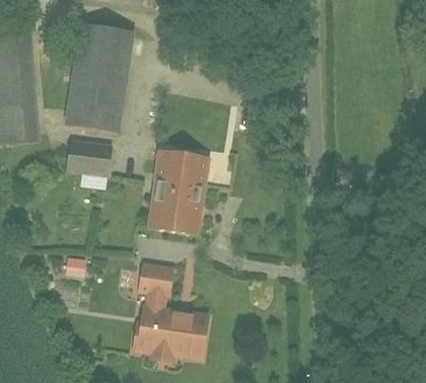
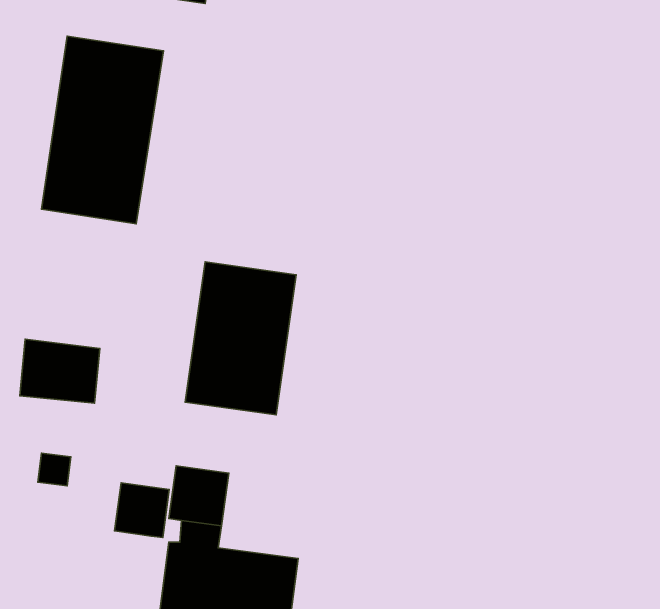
building: [67,139,112,174] -> [20,339,100,403]
building: none -> [115,483,169,538]

